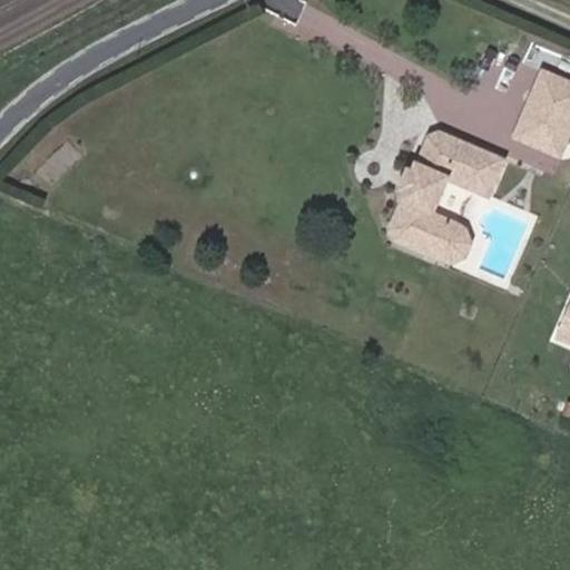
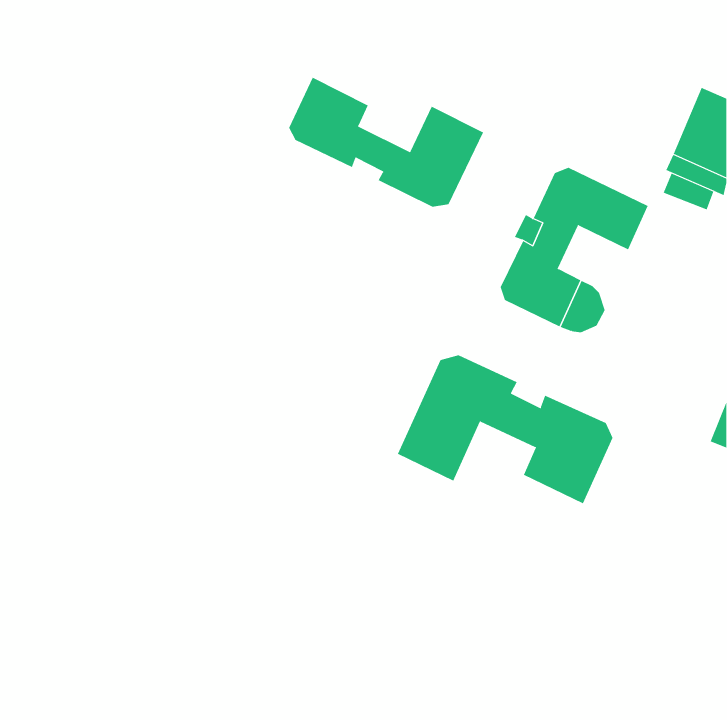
building: none -> [288,77,484,208]
building: none -> [397,354,613,504]

